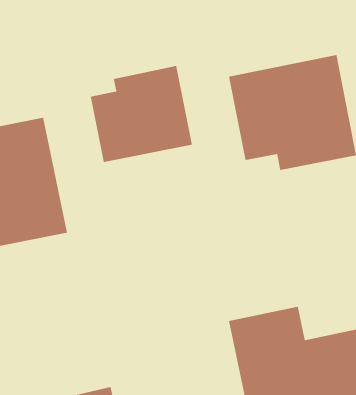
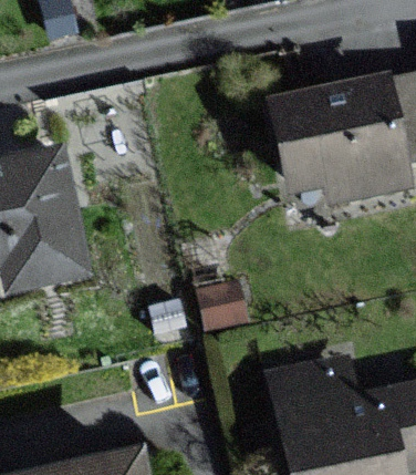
building: [90,65,193,163] -> none

